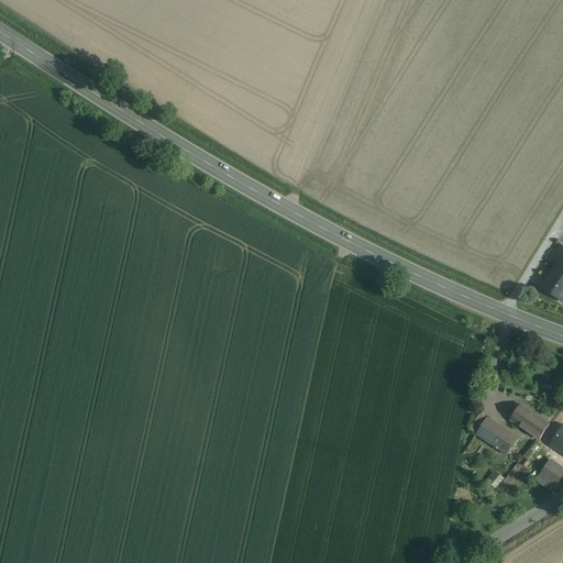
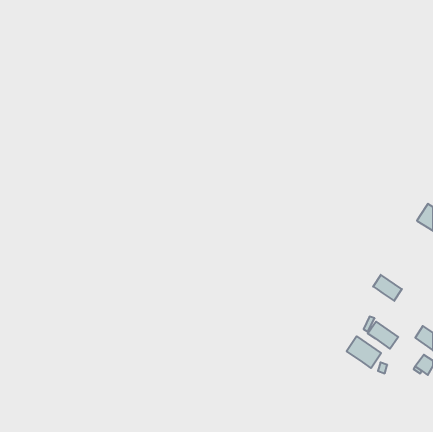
building: [511,404,549,438] -> [373,275,402,301]
building: none -> [347,336,381,368]

